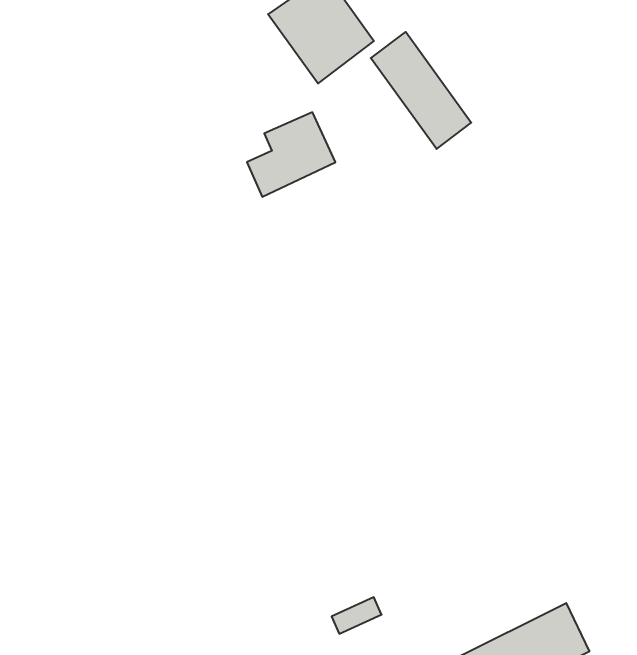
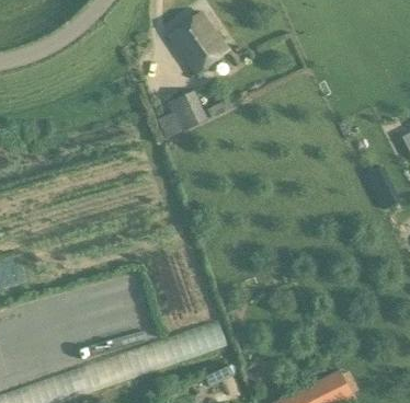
building: [371,32,471,149] -> none

